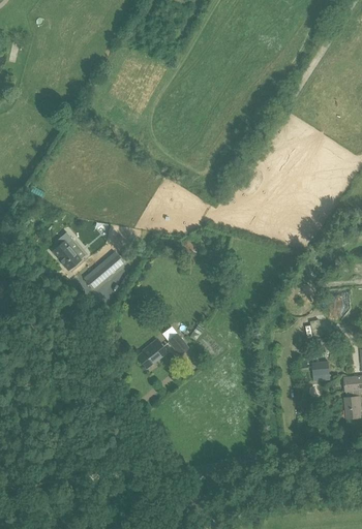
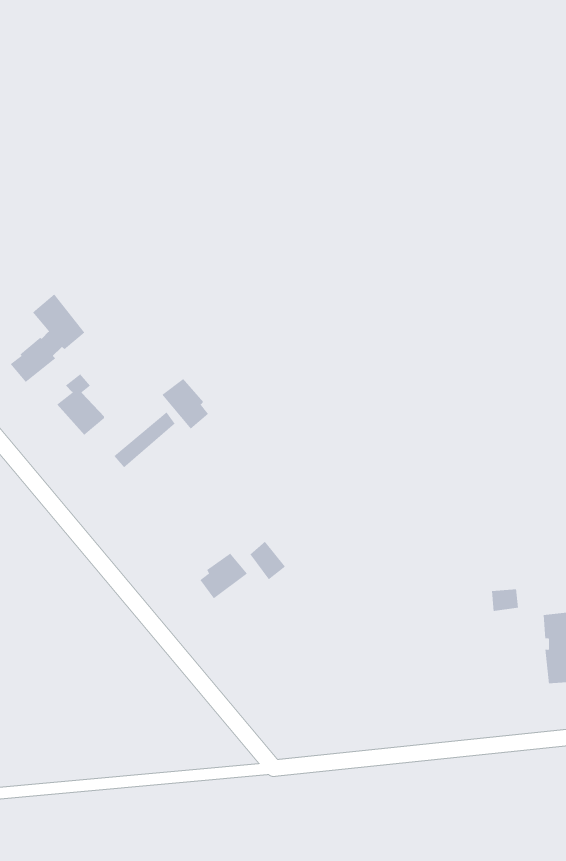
building: none -> [10,293,85,383]
building: none -> [161,378,209,430]

